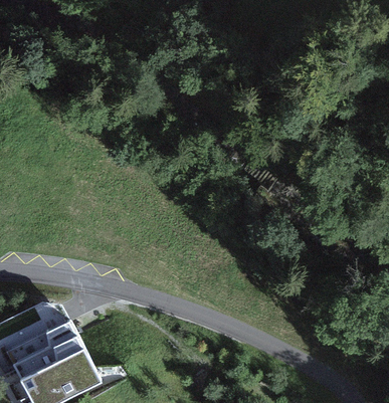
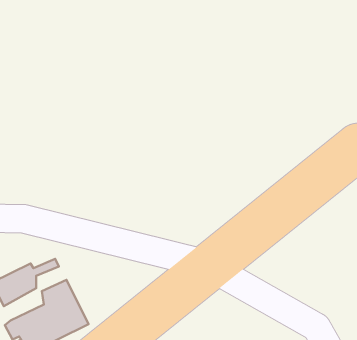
building: [11,324,77,381] -> none

